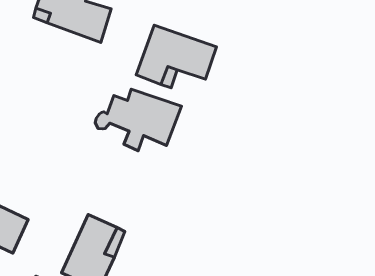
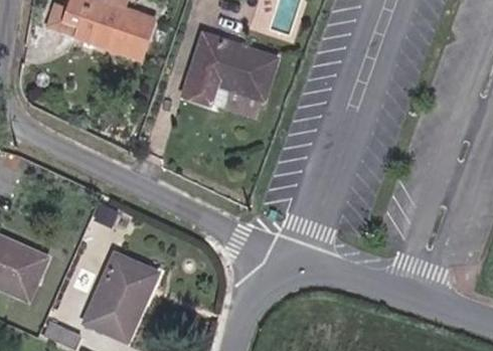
building: [95,89,182,151] -> none

